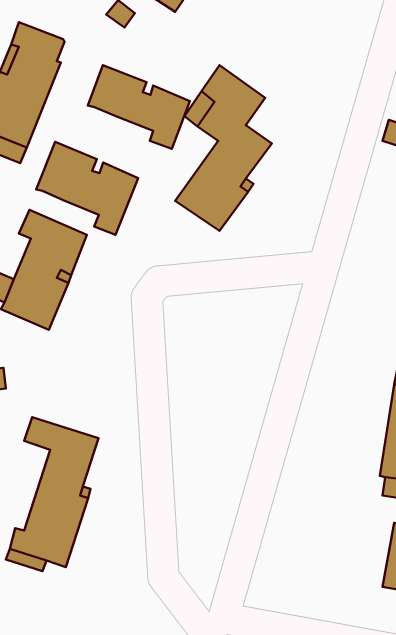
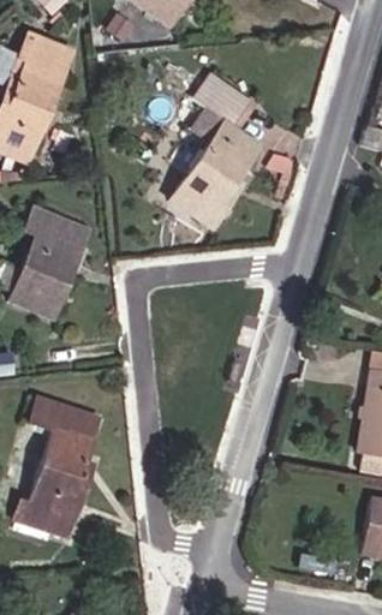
building: [88,65,190,149] -> none
building: [36,142,138,235] -> none

